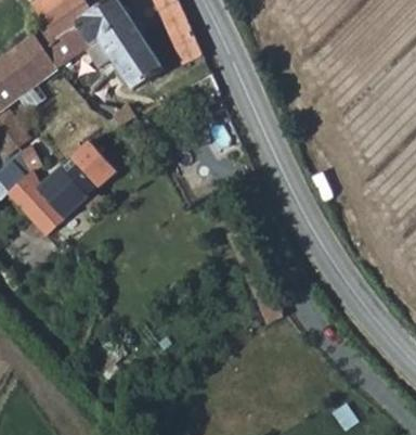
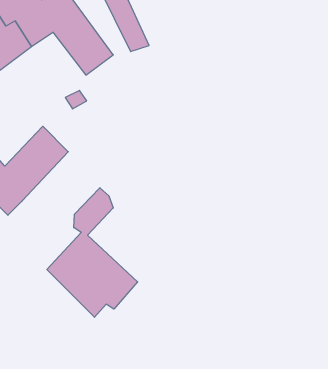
building: none -> [47,188,138,317]

